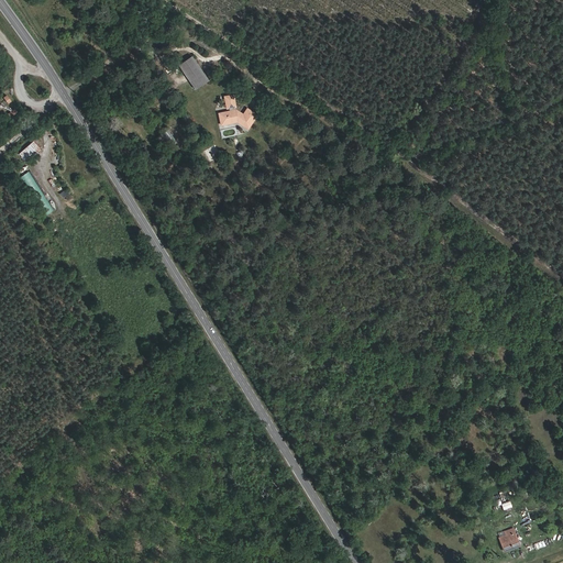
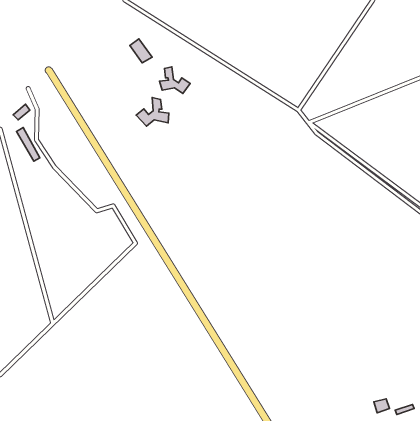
building: none -> [136,97,169,126]

